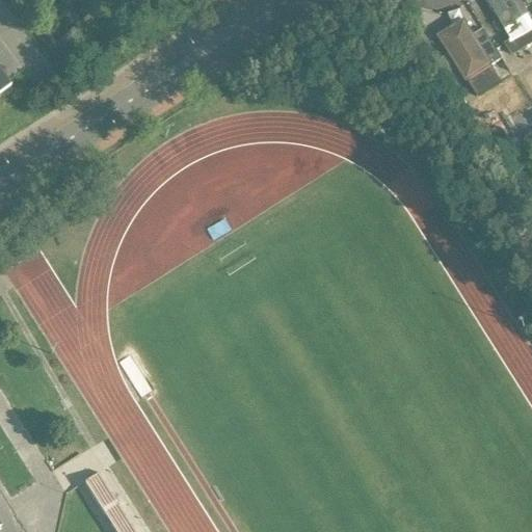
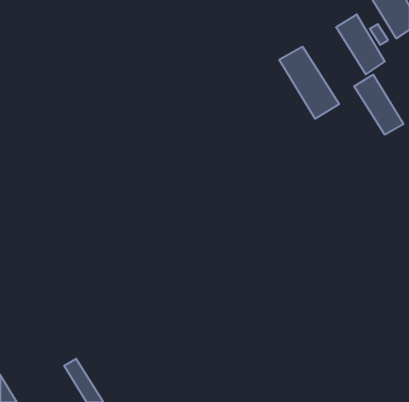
building: none -> [279,47,339,119]
building: none -> [354,75,403,135]

